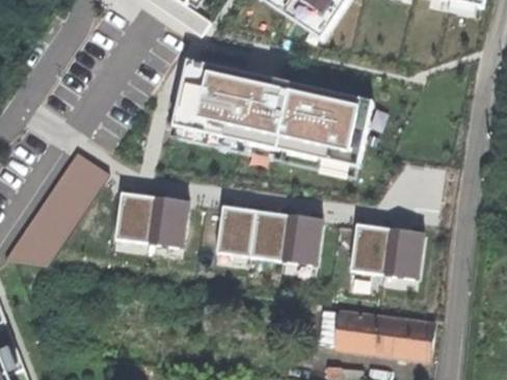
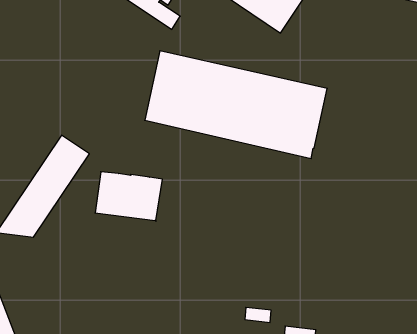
building: [215,207,321,266] -> none
building: [349,224,423,279] -> none
building: [310,309,431,358] -> none

